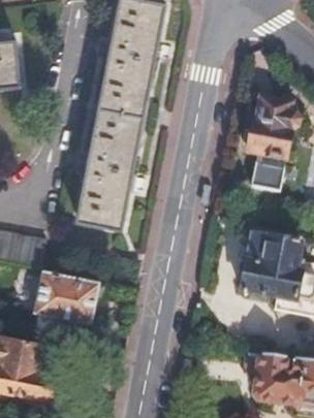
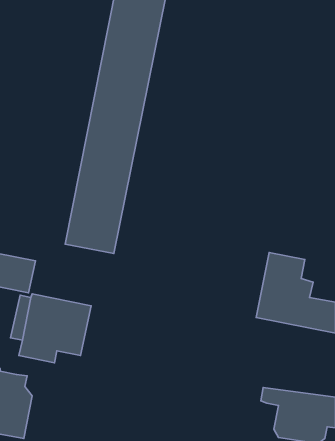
building: [241,96,301,205] -> none

